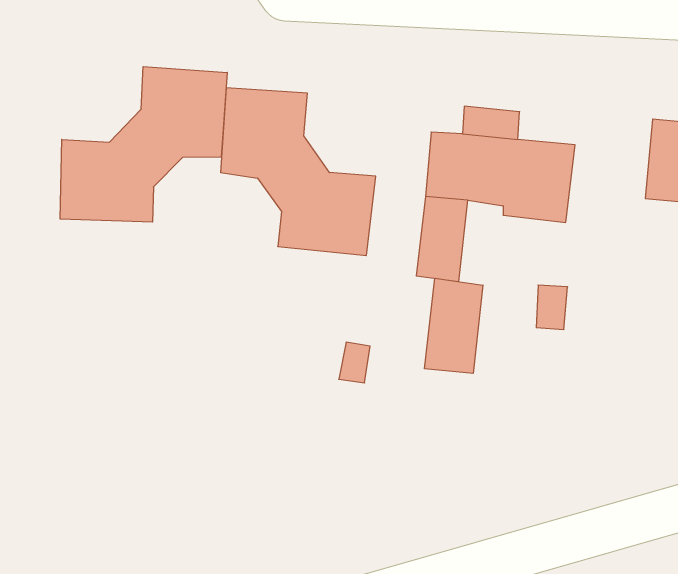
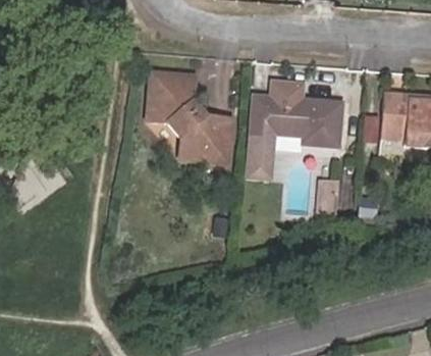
building: [60,67,227,222] -> none
building: [425,278,483,373] -> none

